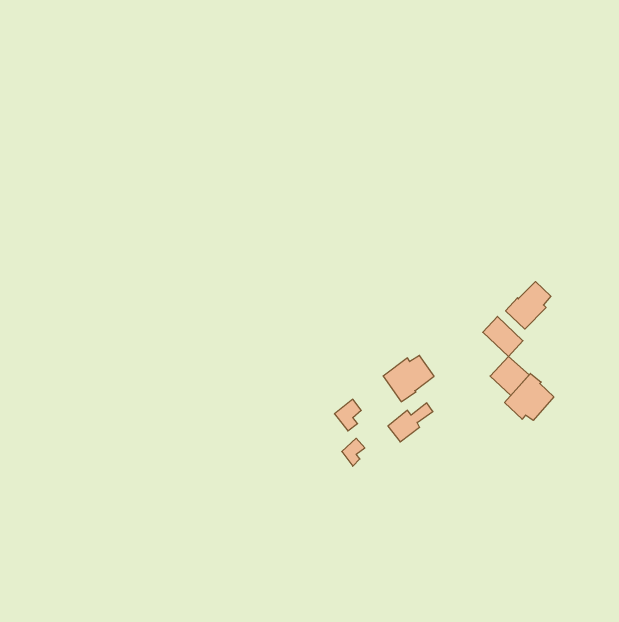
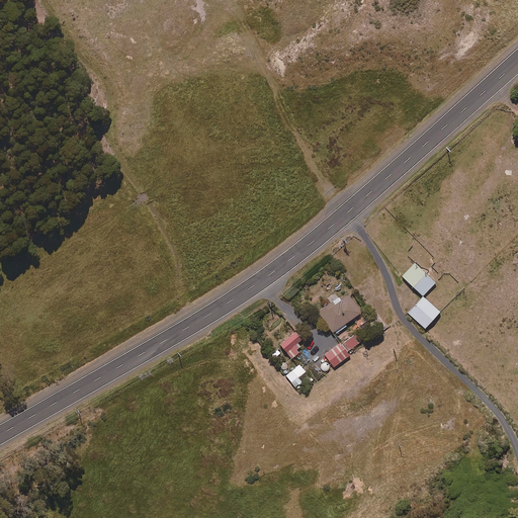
building: [506,282,551,329] -> none
building: [505,373,554,420] -> none

